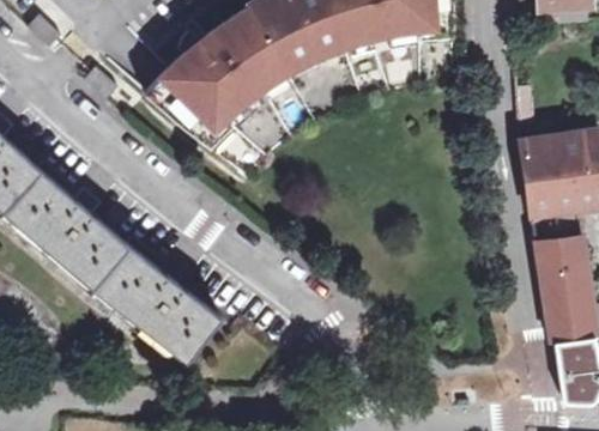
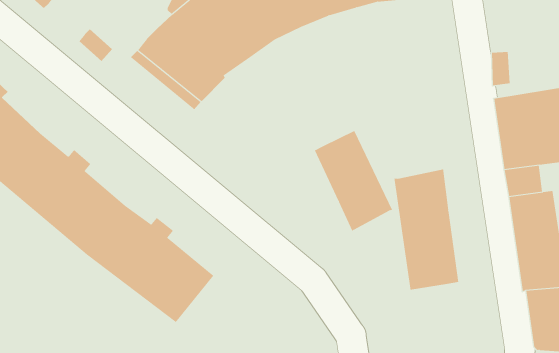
building: none -> [314,130,393,232]
building: none -> [394,168,459,290]

